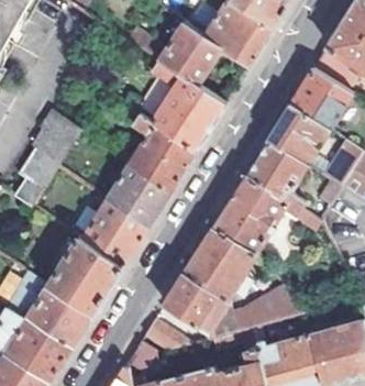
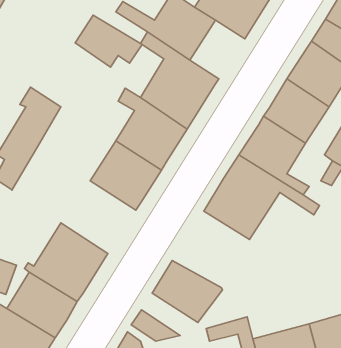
building: none -> [75,15,142,67]
building: [73,199,147,267] -> none
building: [181,228,254,299] -> none
building: [234,287,305,327] -> none

